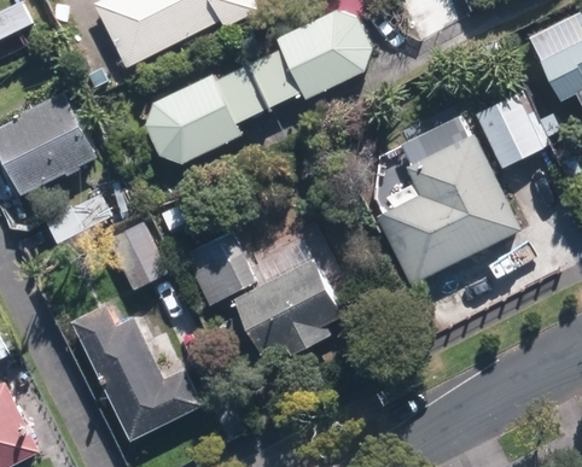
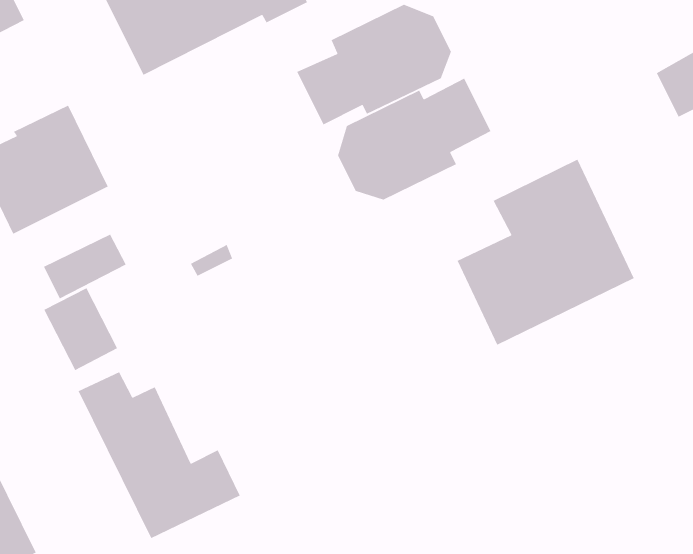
building: [146,64,270,163] -> [337,77,492,200]
building: [476,93,543,168] -> none
building: [107,222,168,290] -> [43,287,118,371]
building: [177,228,337,357] -> none

